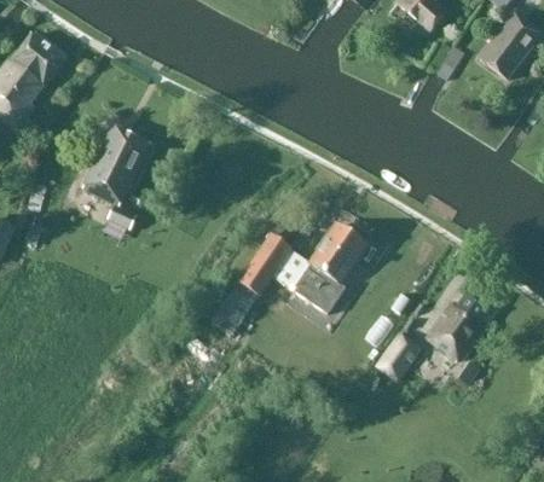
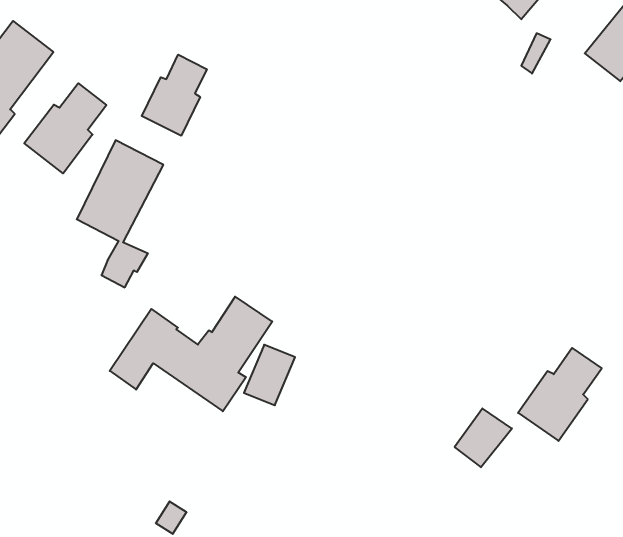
building: none -> [142,55,207,136]
building: none -> [24,83,106,173]
building: [239,223,366,313] -> [110,297,272,411]

